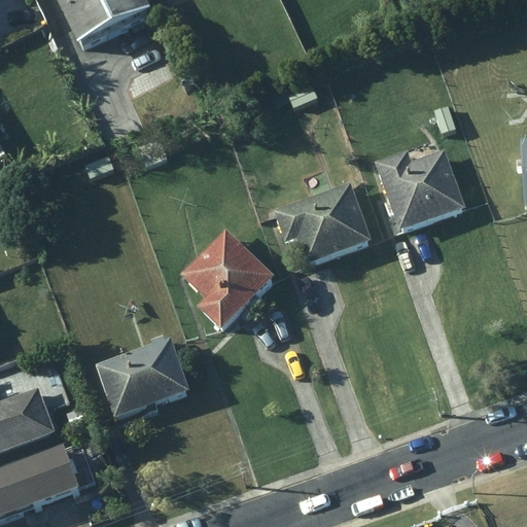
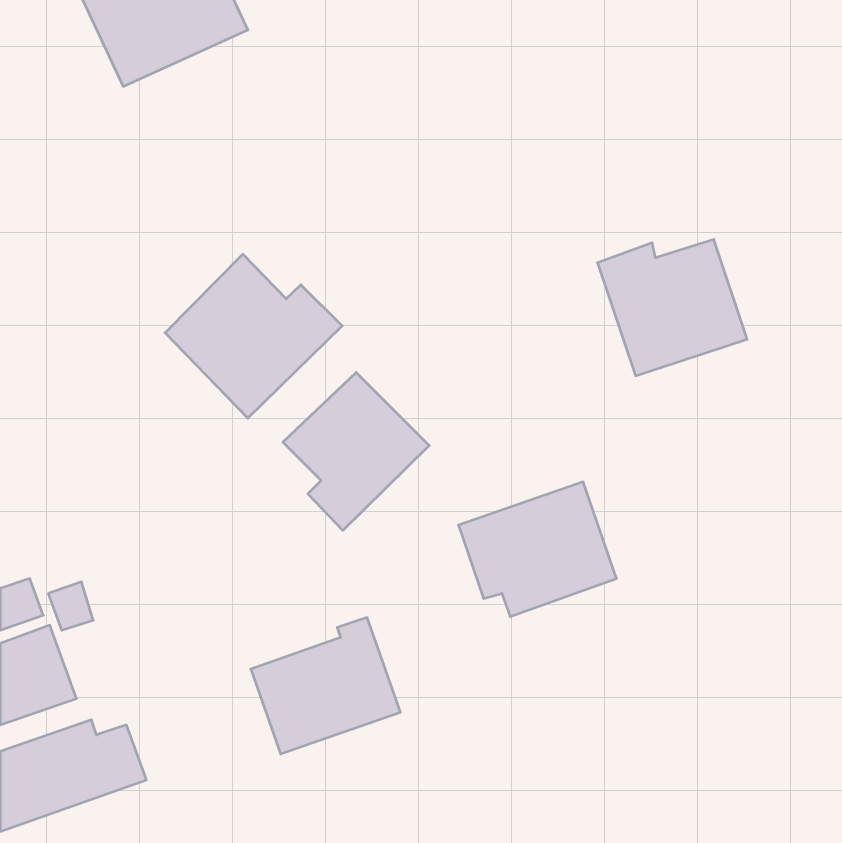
building: none -> [165,254,342,418]
building: [273,182,371,266] -> [458,482,617,617]
building: [95,333,187,418] -> [251,618,400,754]

